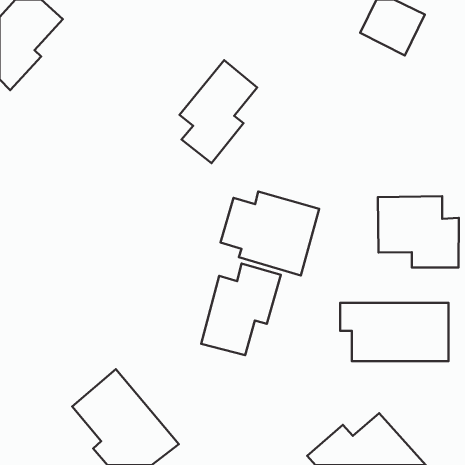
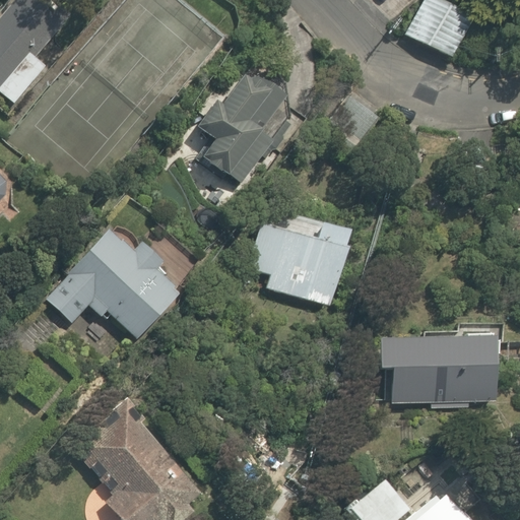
building: [378,196,459,267] -> none
building: none -> [44,230,178,339]
building: [201,264,281,355] -> none

